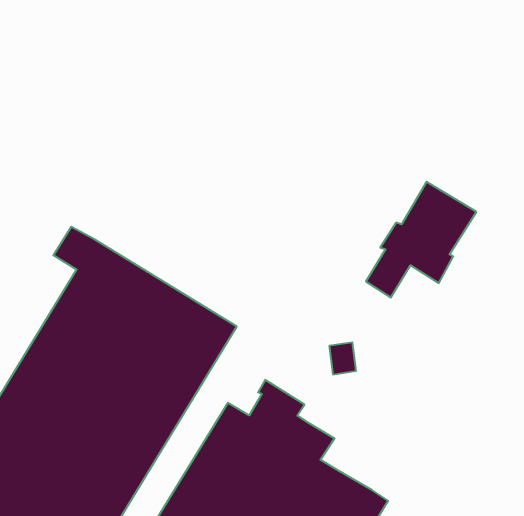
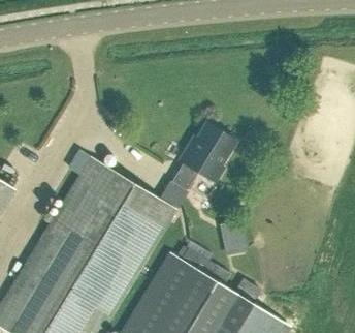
building: [366,182,476,297] -> [172,124,236,191]

